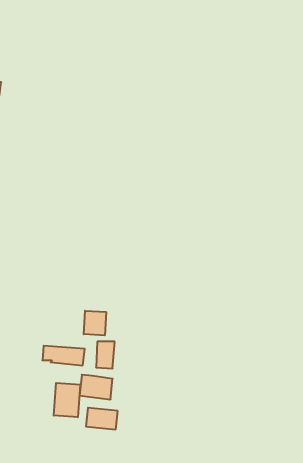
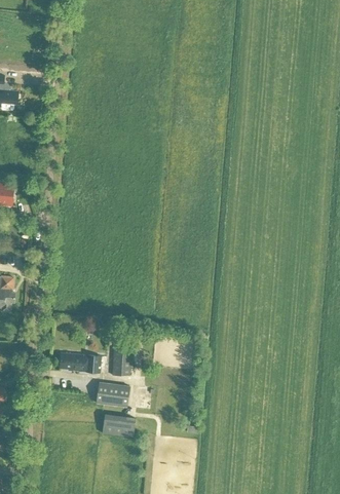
building: [84,311,106,335] -> none
building: [54,383,80,417] -> none

